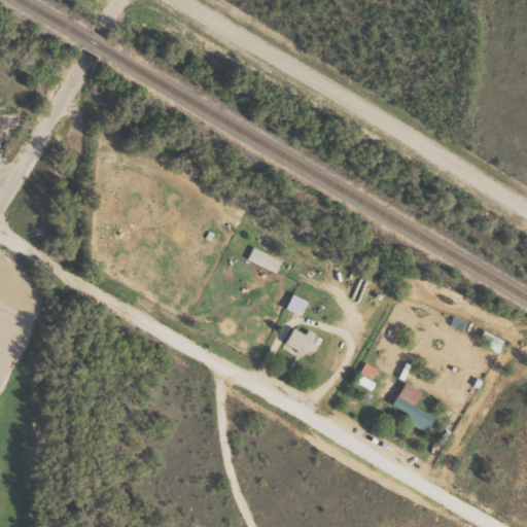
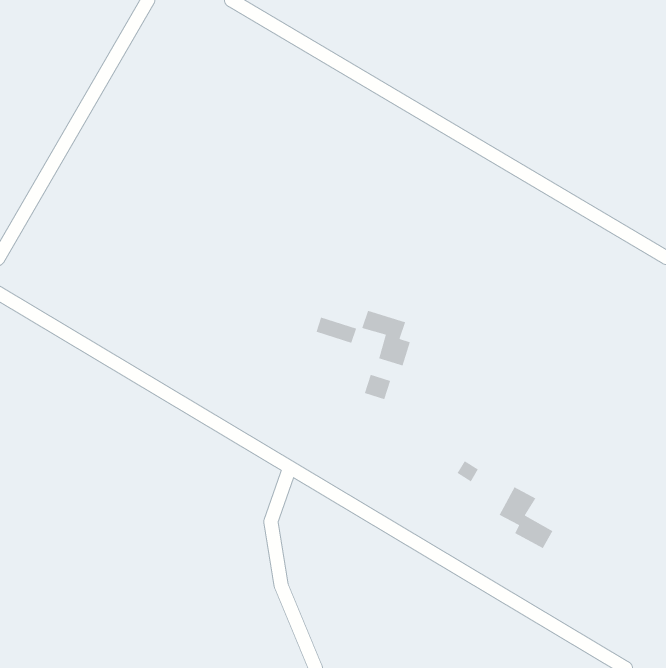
building: none -> [361,310,411,366]
building: [285,328,323,355] -> none

